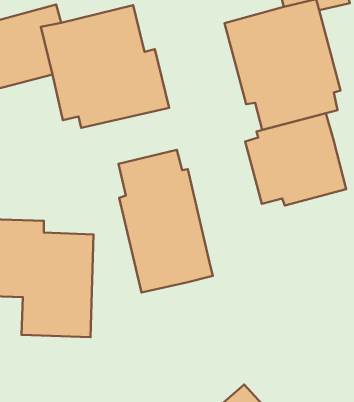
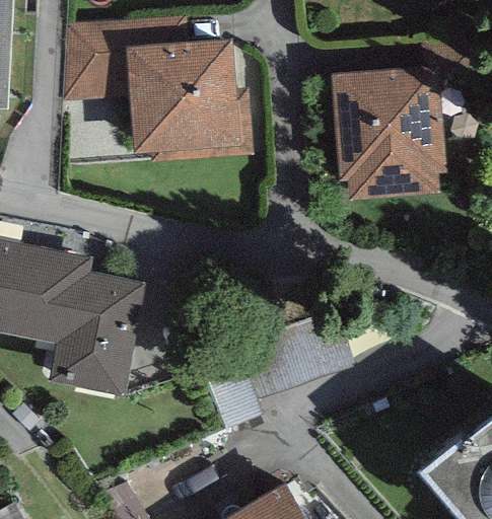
building: [245,113,346,205] -> none
building: [118,150,213,293] -> none

